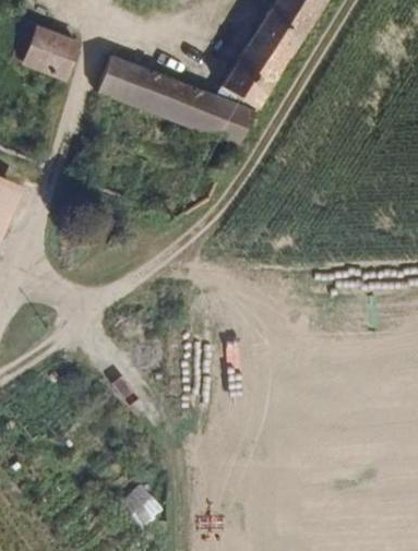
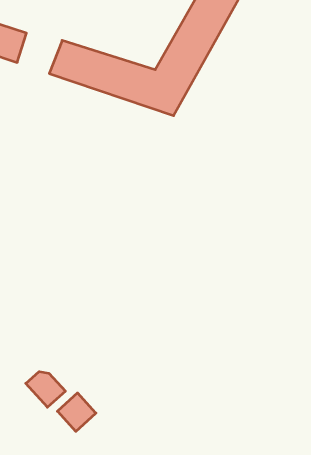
building: none -> [26,372,65,407]

